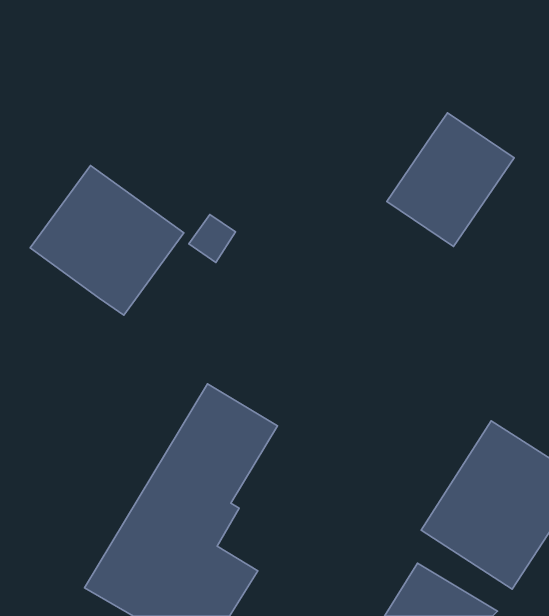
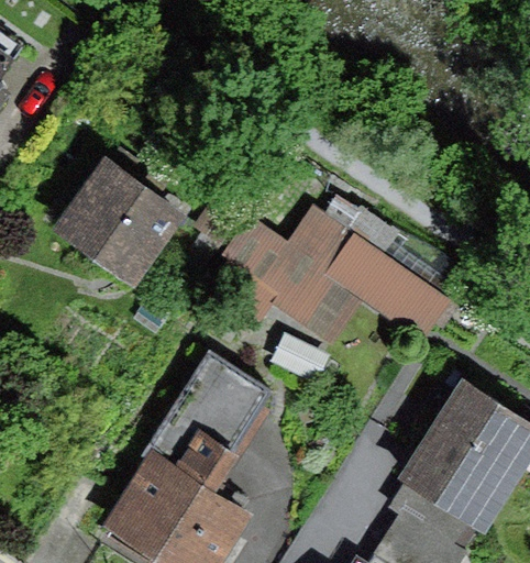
building: [387,113,514,246] -> none
building: none -> [208,205,449,342]

